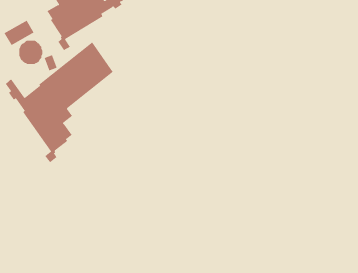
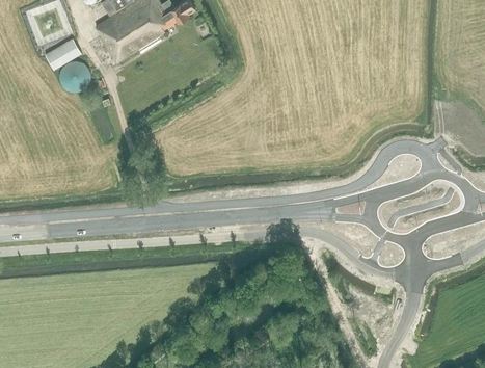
building: [5,41,113,163] -> none

